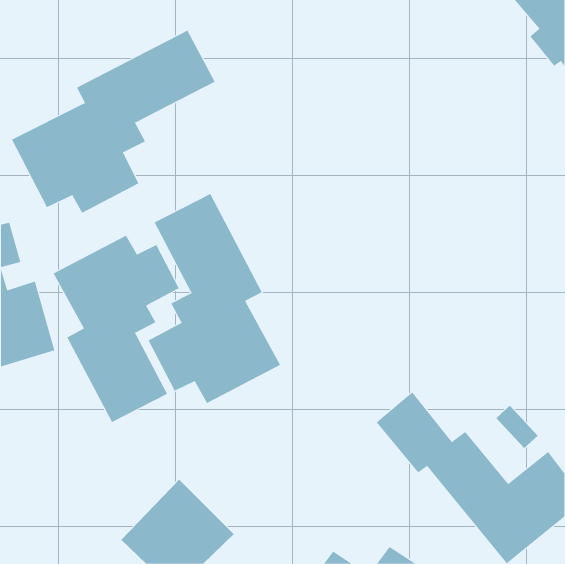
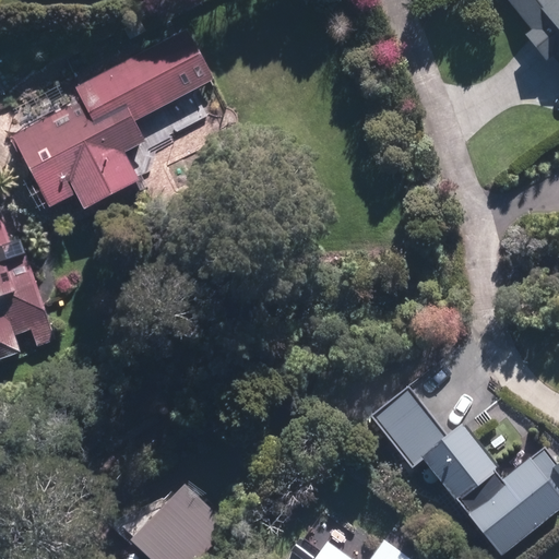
building: [148,193,281,404] -> none
building: [53,235,180,423] -> none

